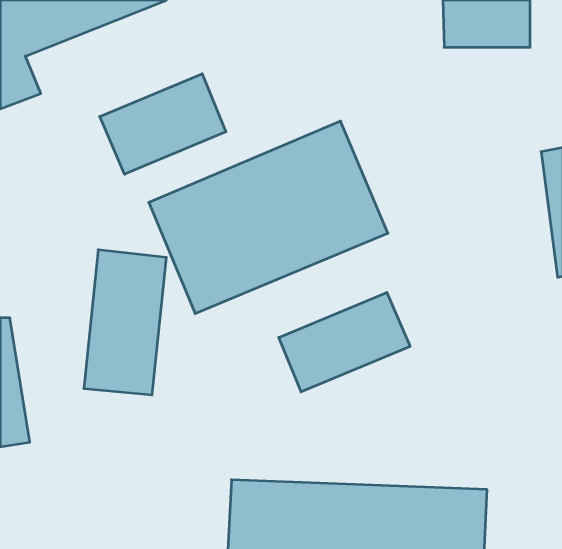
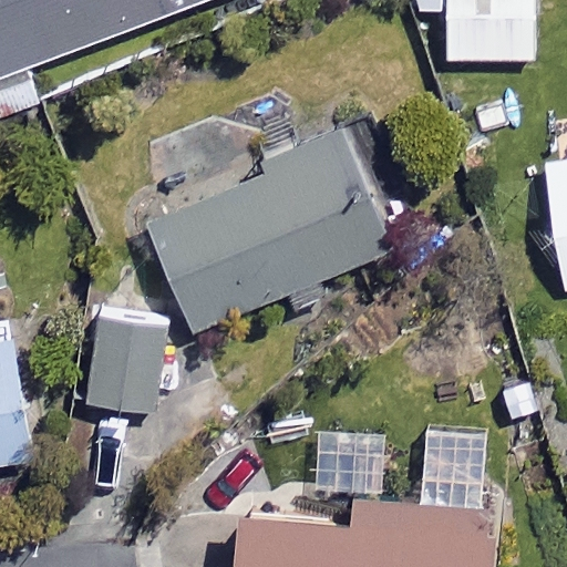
building: [100,74,226,174] -> none
building: [279,292,410,392] -> none

